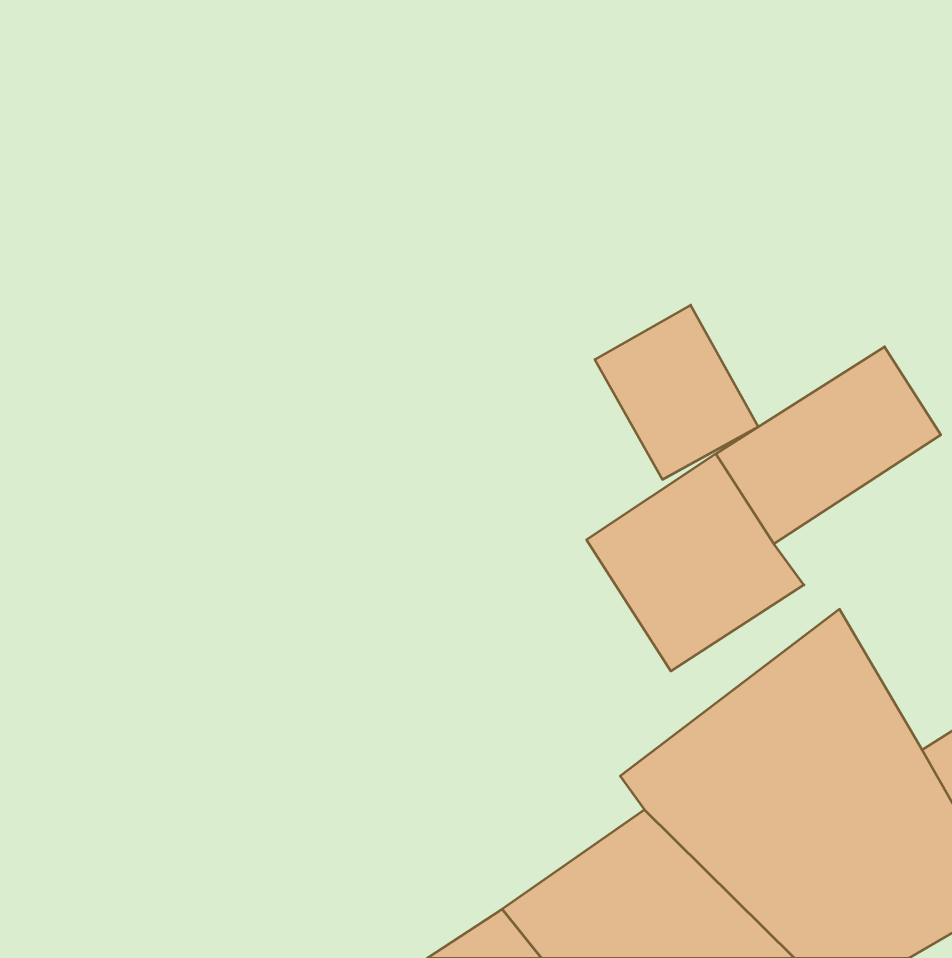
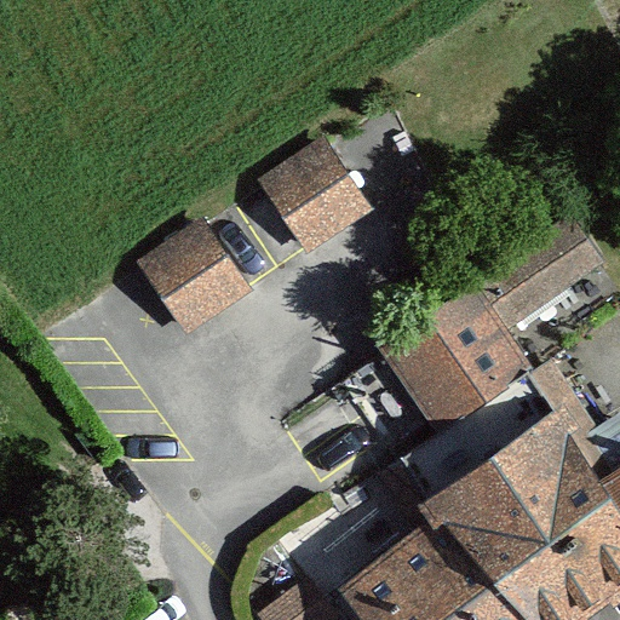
building: [595,305,758,479] -> [271,145,377,258]
building: none -> [144,223,247,332]

